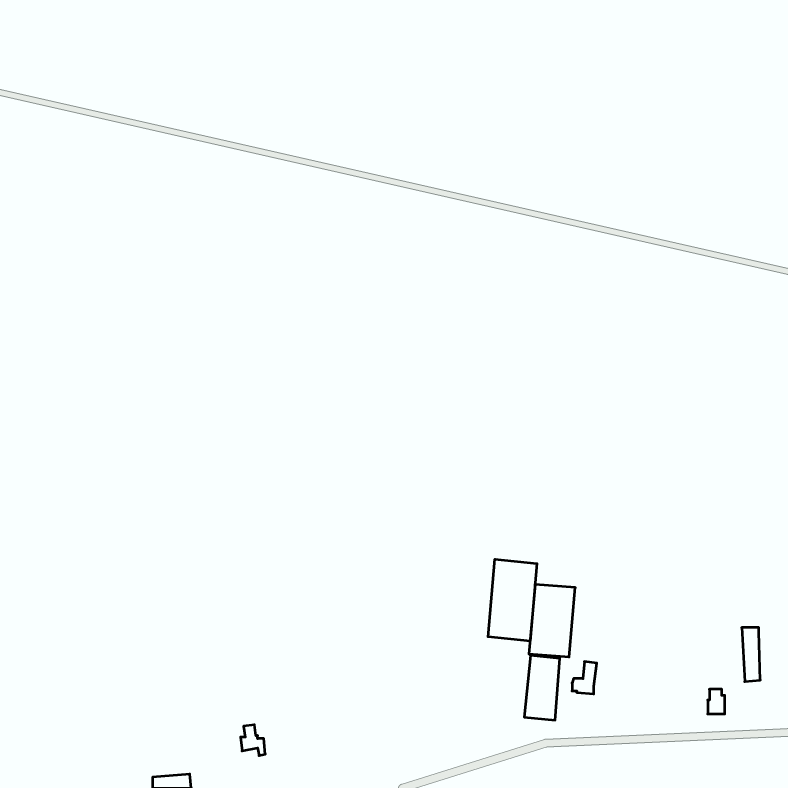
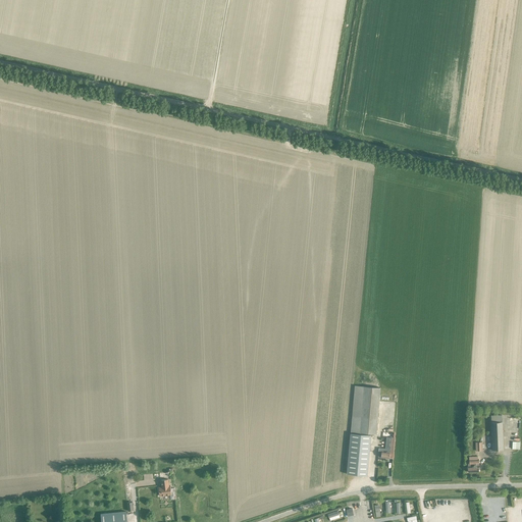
building: [488,559,537,641] -> none

